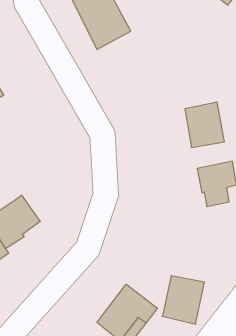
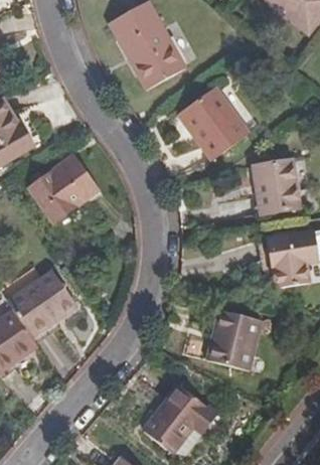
building: none -> [180,86,250,156]
building: none -> [28,154,98,223]
building: [162,276,204,324] -> [209,307,262,367]

